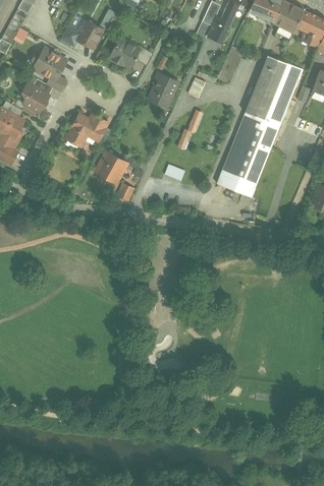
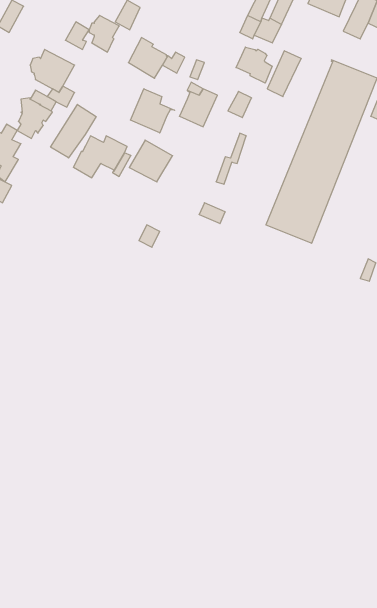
building: none -> [236,47,272,83]
building: none -> [131,89,175,133]
building: none -> [51,104,96,158]
building: [94,150,127,183] -> [129,140,173,182]

